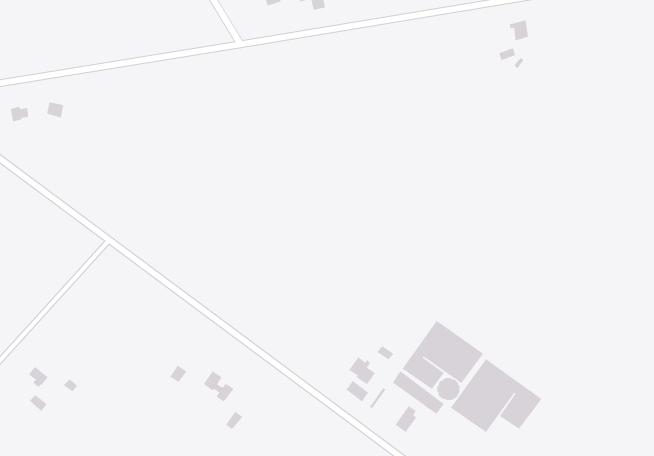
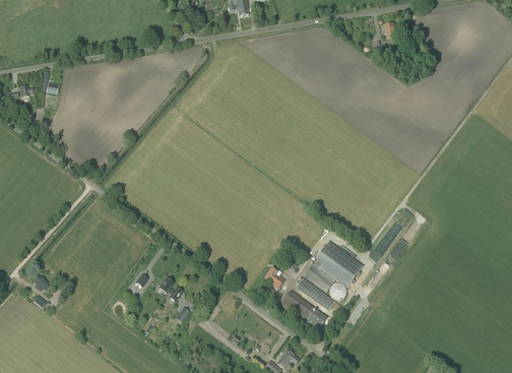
building: [450,358,543,433] -> none

